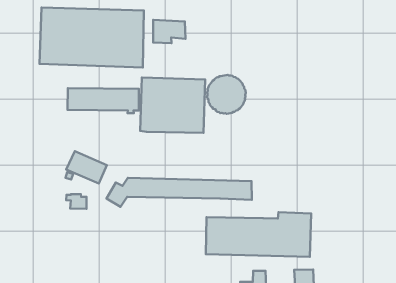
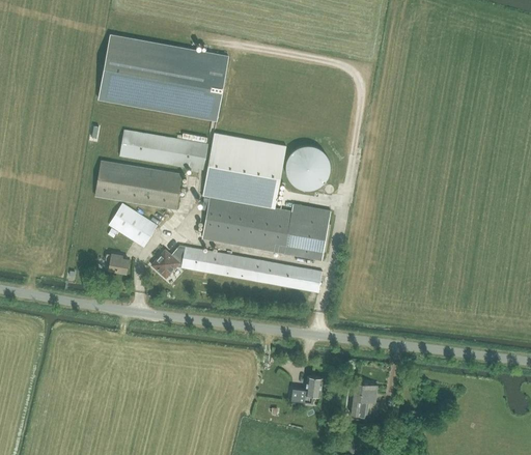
building: [153,20,186,43] -> none
building: none -> [94,160,181,208]
building: [206,212,311,257] -> [202,196,331,260]

